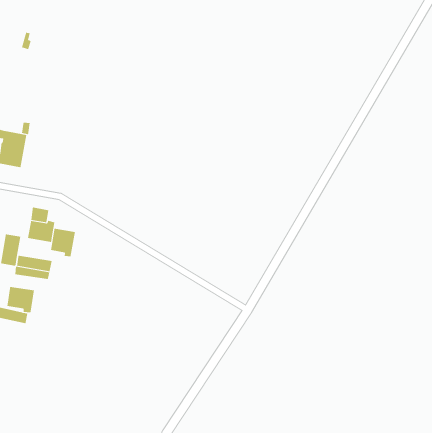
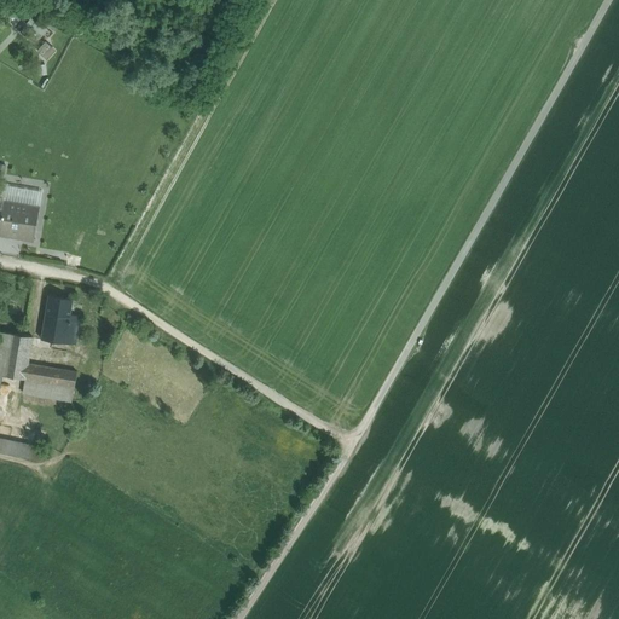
building: [51,228,75,257] -> none
building: [7,286,34,313] -> none

